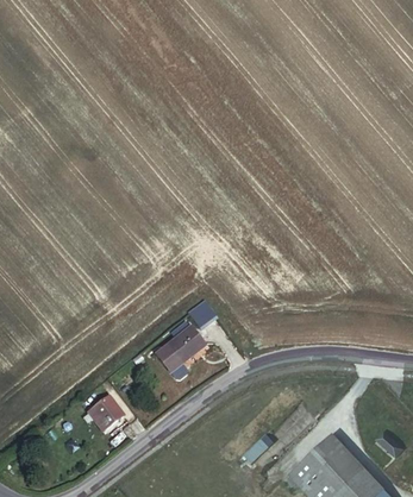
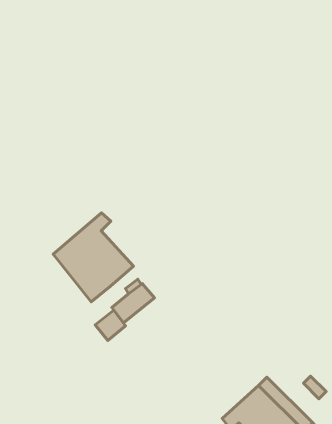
building: none -> [53,213,133,302]
building: [87,397,121,432] -> [95,310,125,340]

